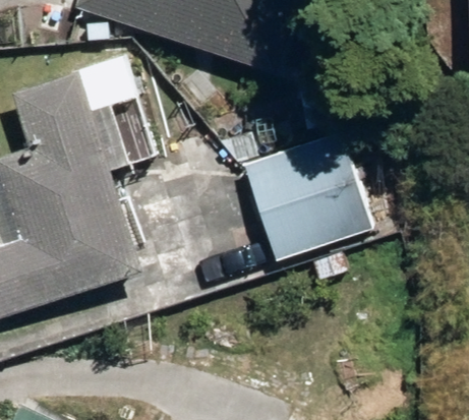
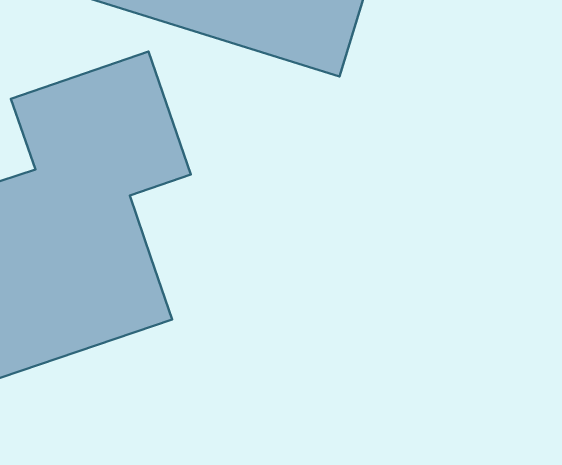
building: [242,148,332,258] -> none

